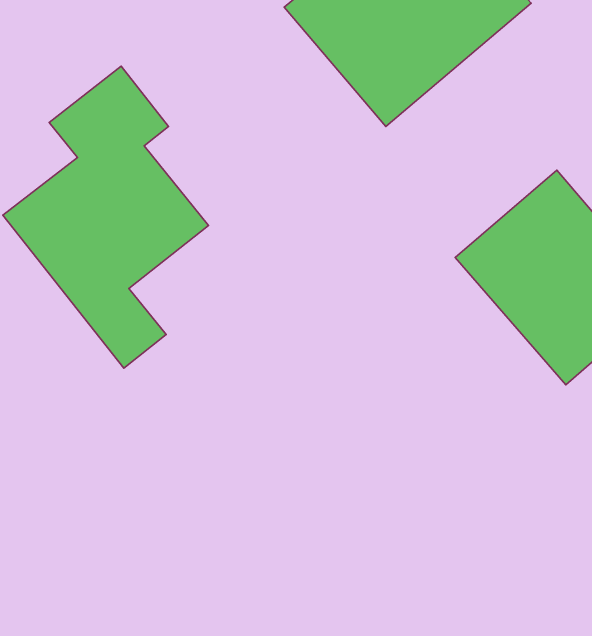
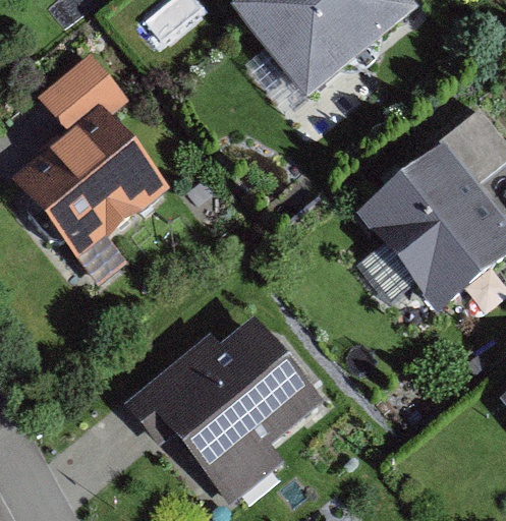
building: none -> [137,319,318,501]

